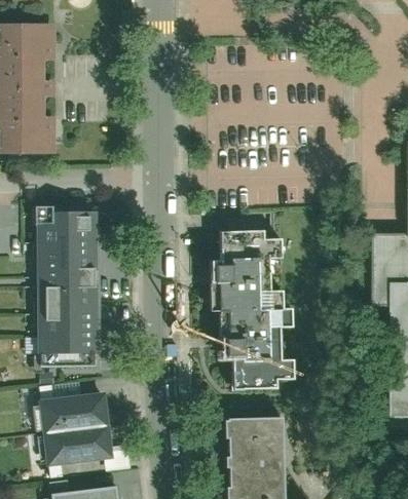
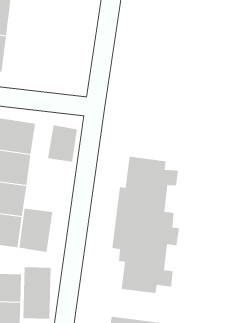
building: none -> [47,124,77,162]
building: none -> [19,208,53,253]
building: none -> [23,267,51,319]

